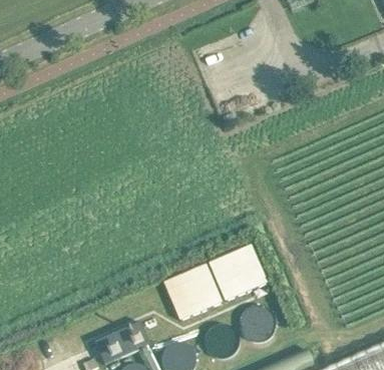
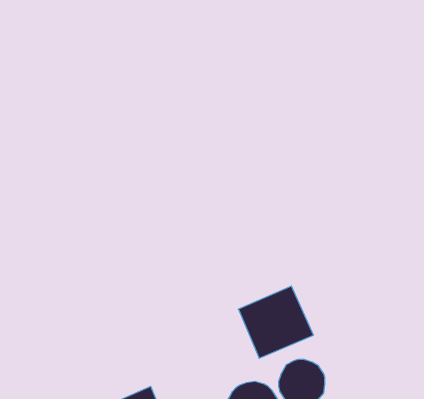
building: [162,267,221,322] -> none

